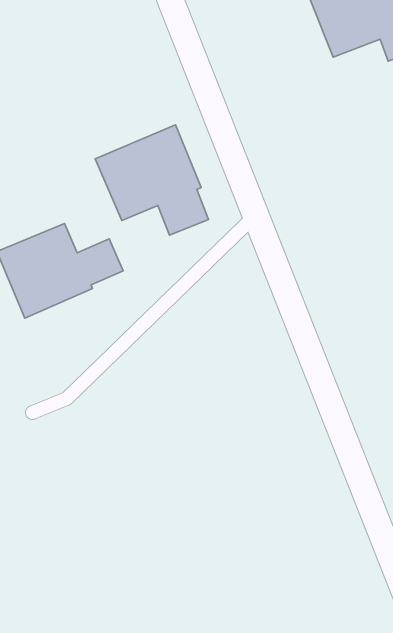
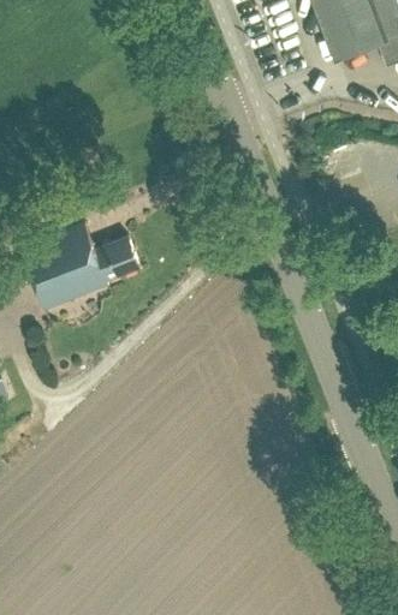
building: [95,125,209,235] -> none

